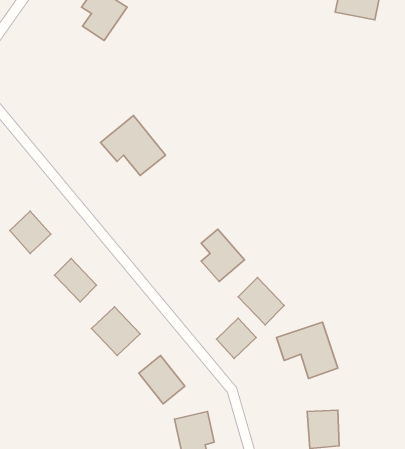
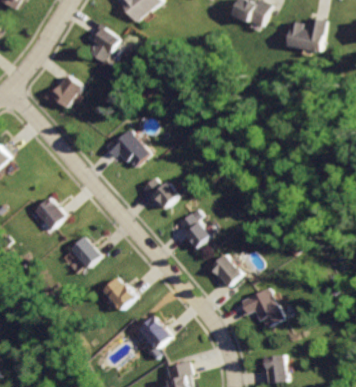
building: none -> [49,72,84,110]
building: none -> [137,170,182,208]
building: [216,318,256,358] -> none

